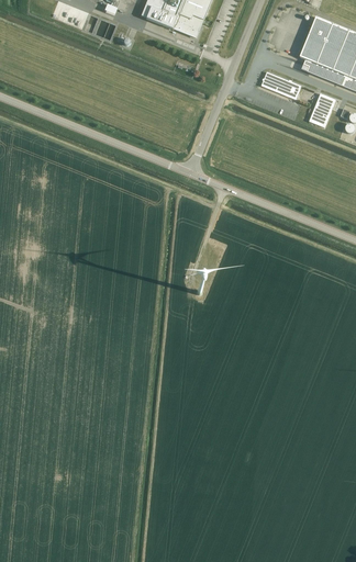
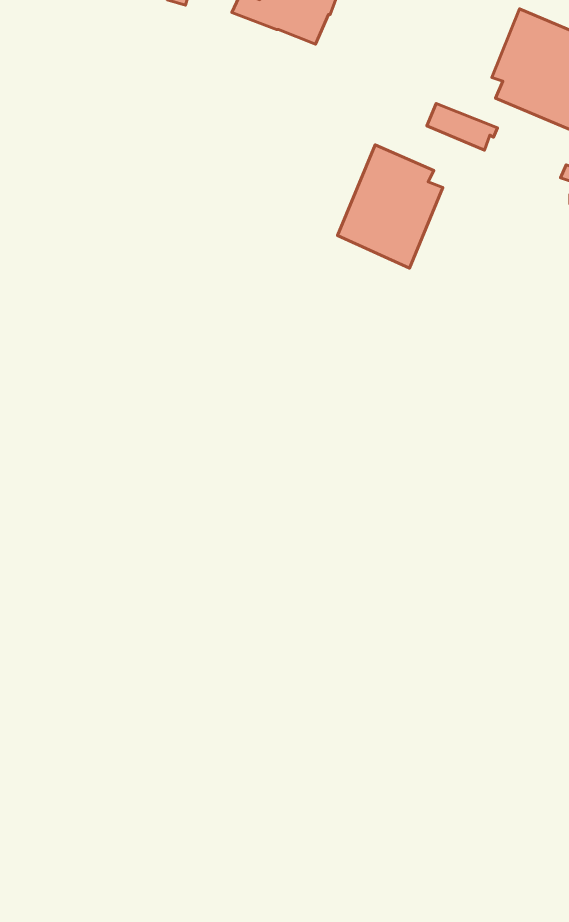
building: [309,93,335,126] -> none
building: none -> [337,145,443,268]

